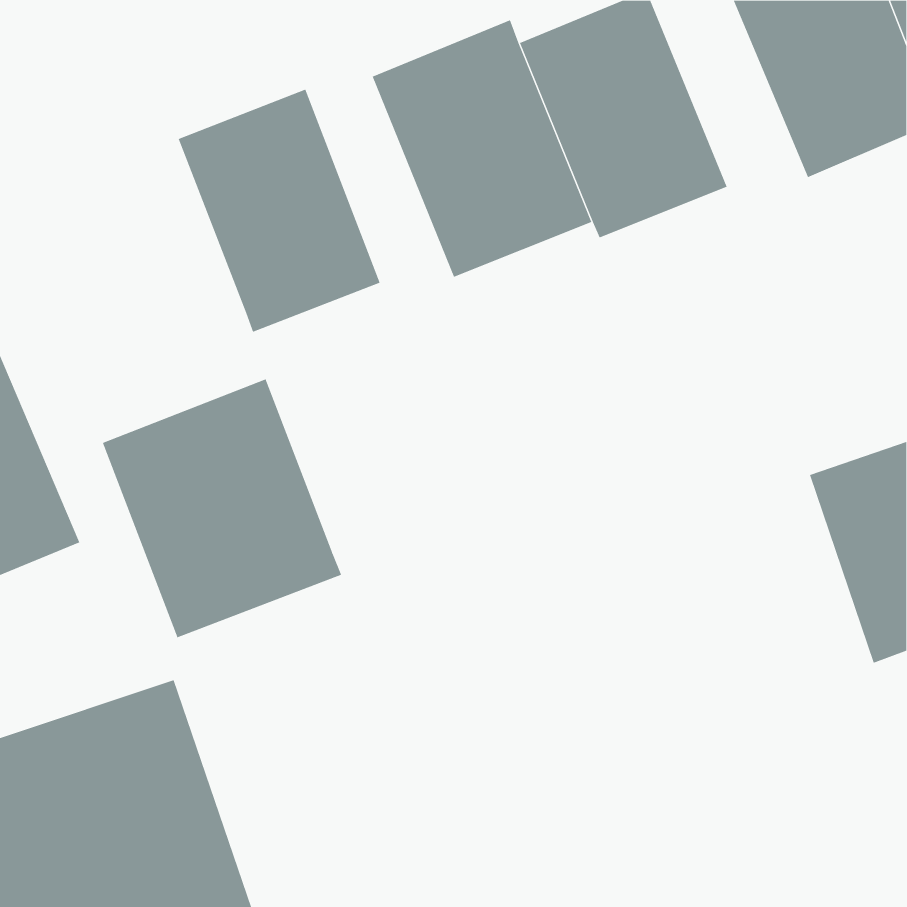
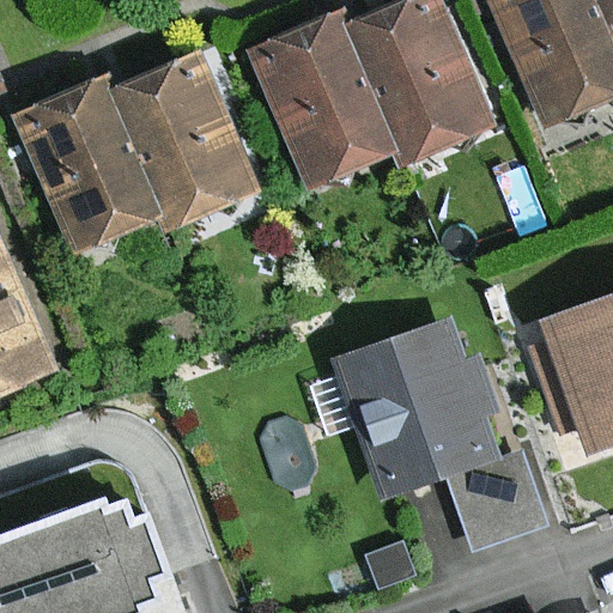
building: none -> [17,77,165,249]
building: [102,378,342,638] -> none
building: none -> [336,320,541,545]

